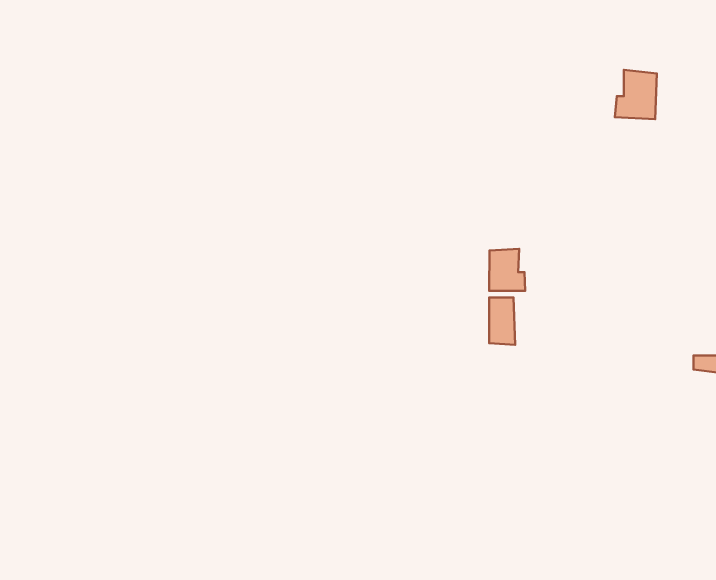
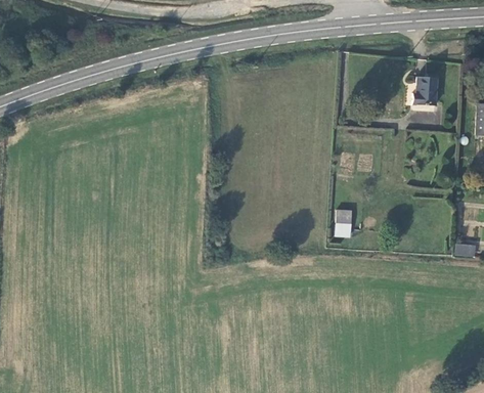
building: [489,249,525,291] -> none

